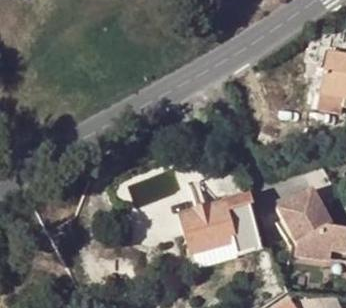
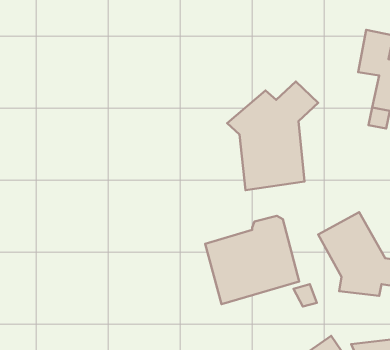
building: none -> [227,82,318,190]

